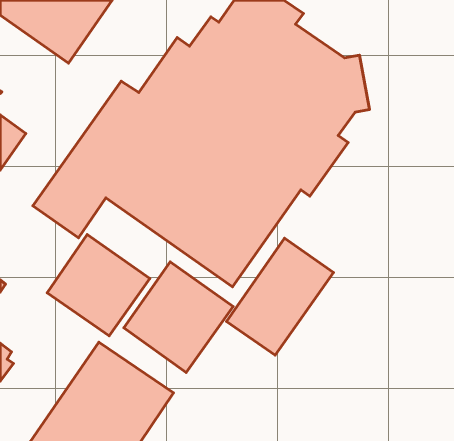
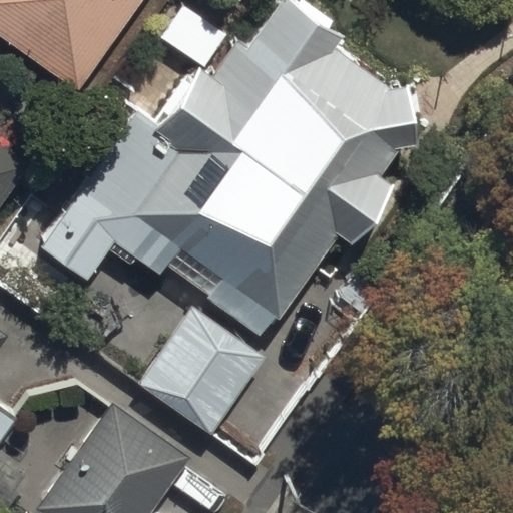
building: [47,234,150,336] -> none
building: [227,238,333,355] -> none

